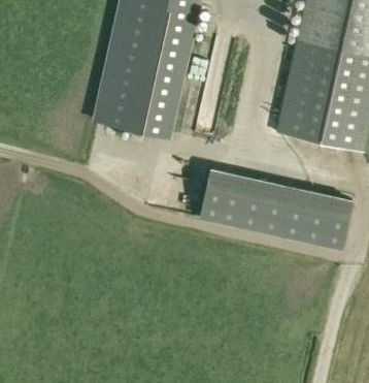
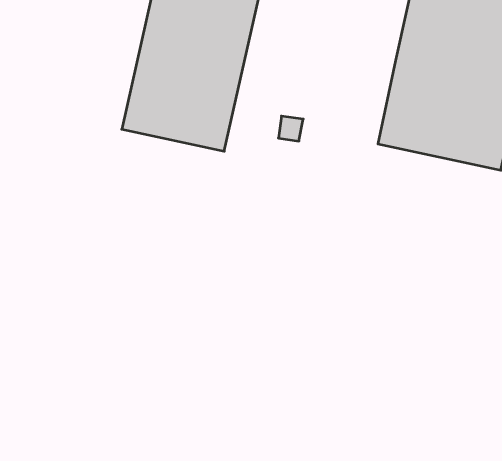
building: [202,173,354,244] -> none

